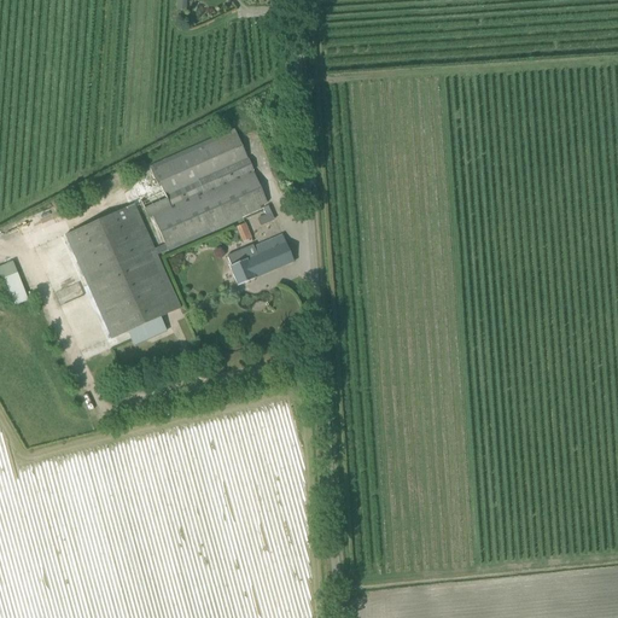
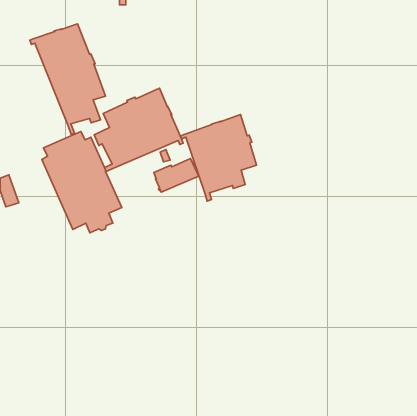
building: none -> [30,24,106,134]
building: none -> [181,114,257,201]

